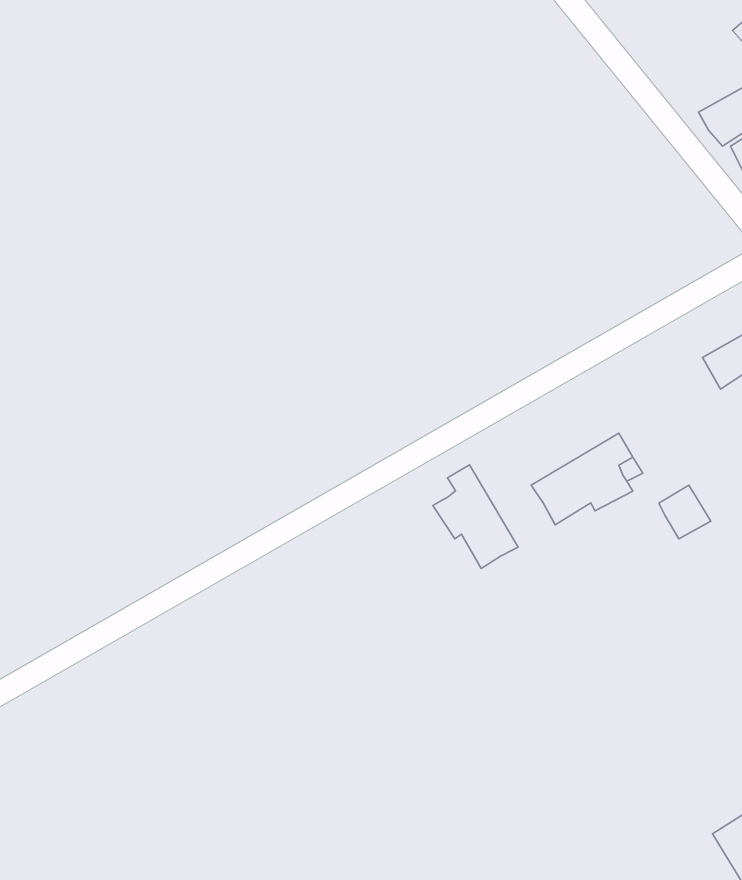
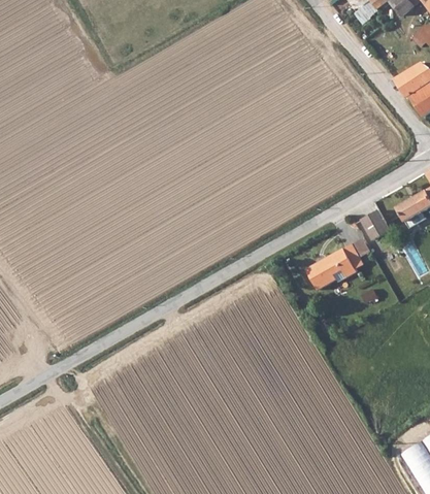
building: [433,465,518,569] -> none
building: [659,485,711,539] -> [363,210,390,238]

